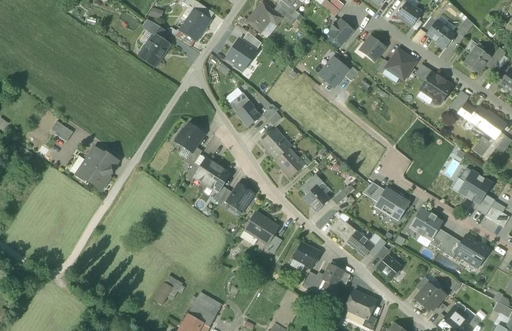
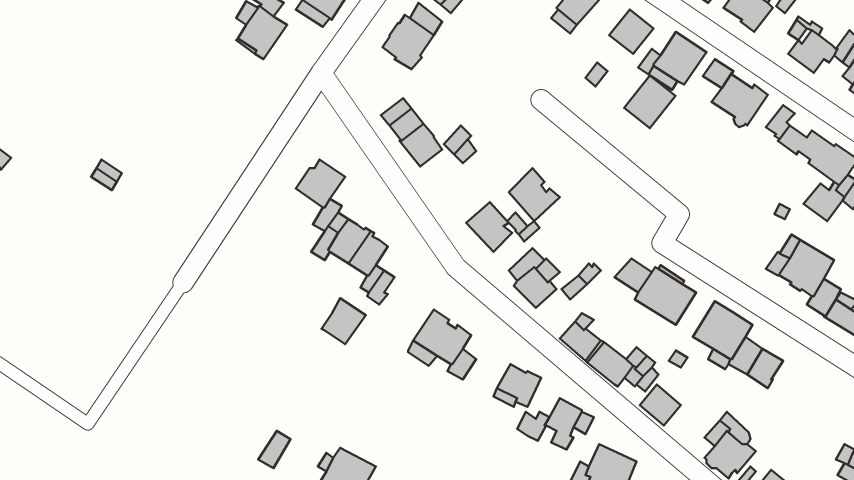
building: [318,56,348,87] -> [624,75,675,128]
building: [261,128,291,159] -> [509,168,560,221]
building: [79,146,118,190] -> none
building: [227,183,253,210] -> [321,298,366,344]
building: [454,234,489,267] -> none

